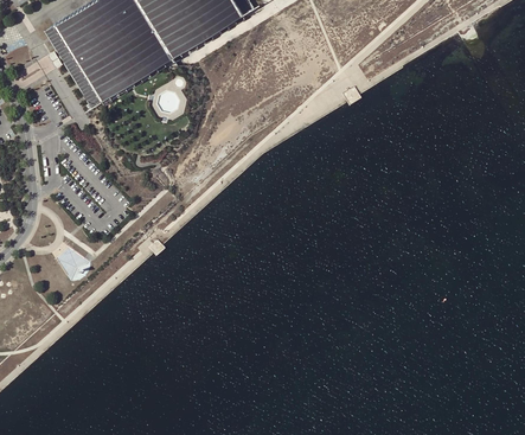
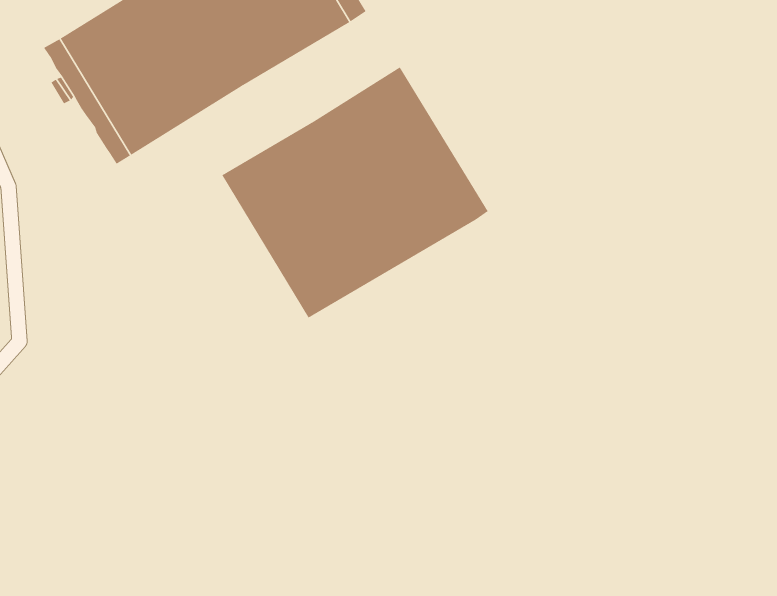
building: none -> [221,67,489,319]

